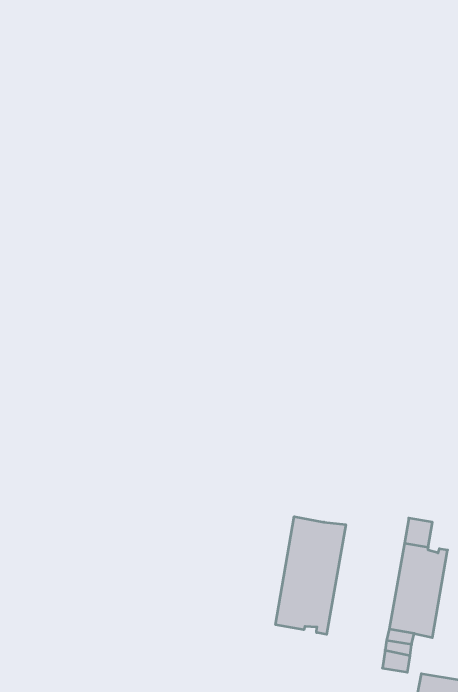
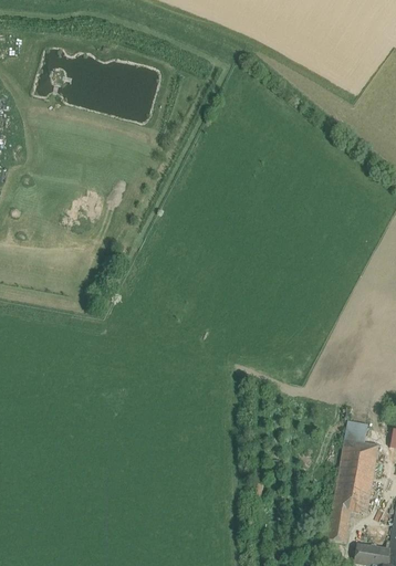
building: [276,517,346,634] -> none

